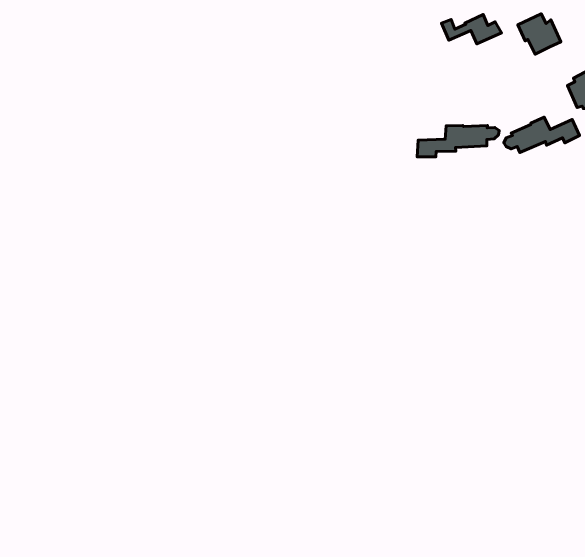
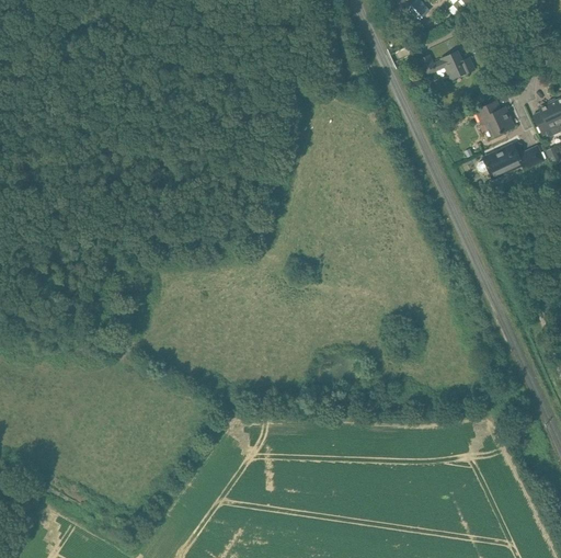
building: [518,14,561,54] -> [477,101,515,137]
building: [417,125,499,157] -> none

